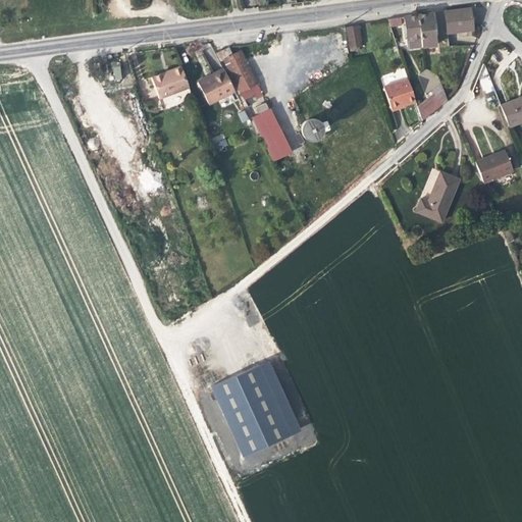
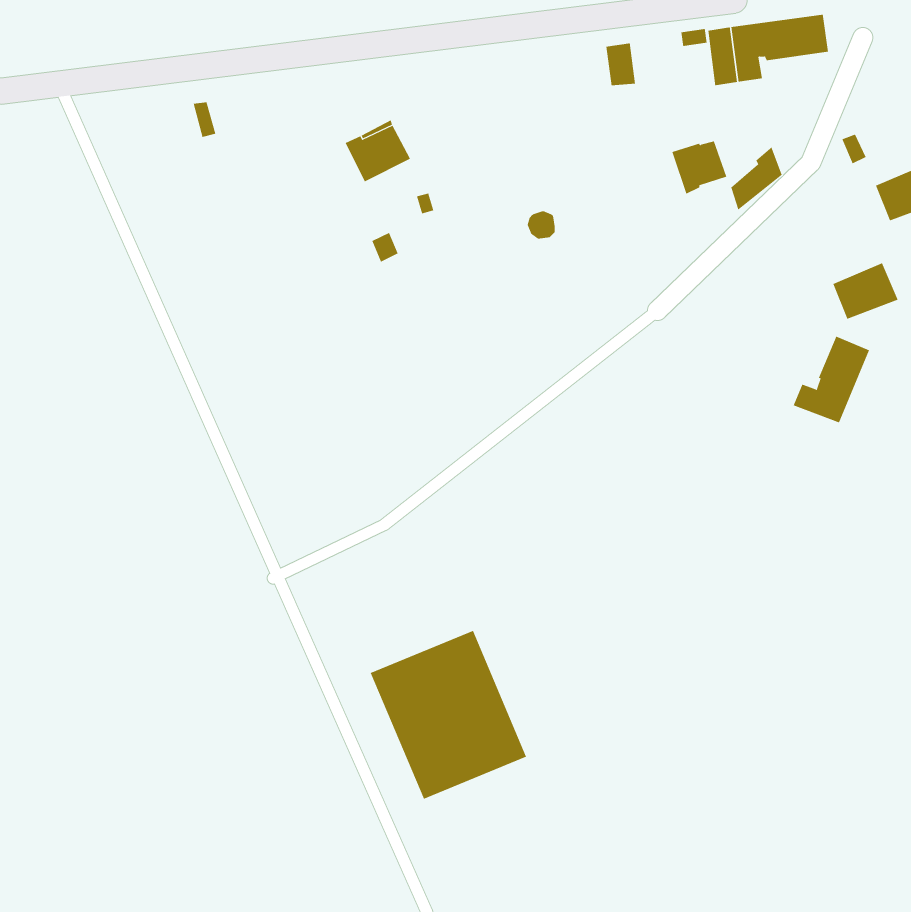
building: [217,47,261,100] -> none
building: [152,66,190,99] -> none
building: [253,102,291,161] -> none
building: [416,171,460,221] -> [793,336,870,423]

